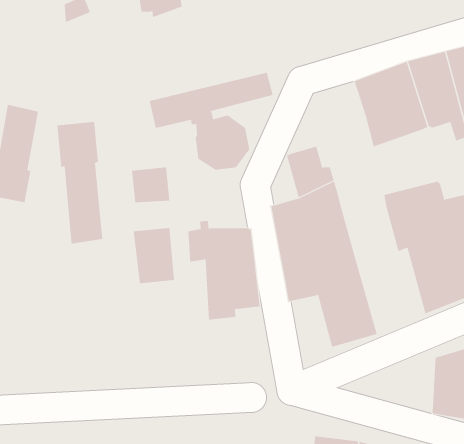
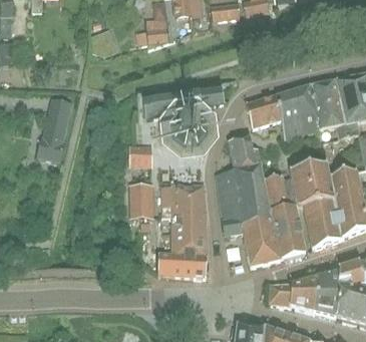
building: none -> [247,95,281,127]
building: [57,121,103,245] -> none
building: none -> [263,174,305,259]
building: none -> [157,237,207,276]
building: none -> [270,276,317,311]

